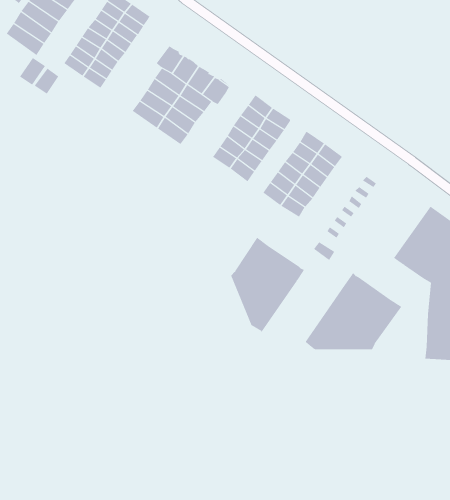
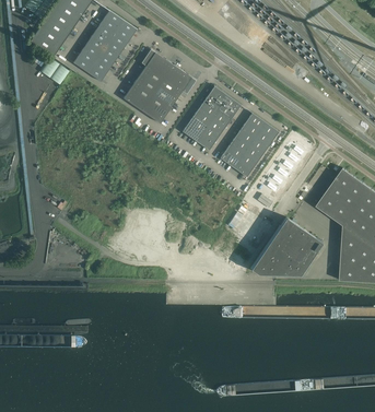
building: [230,237,305,333] -> none

